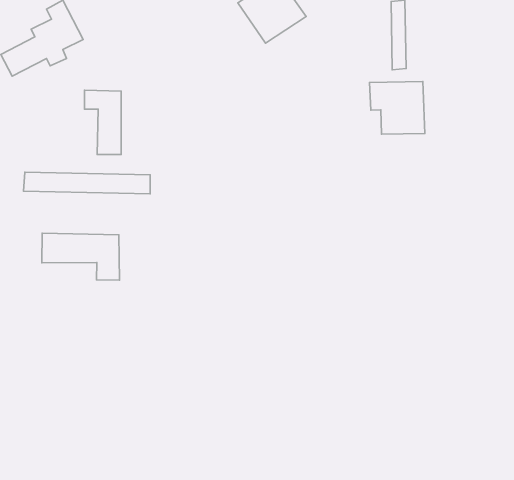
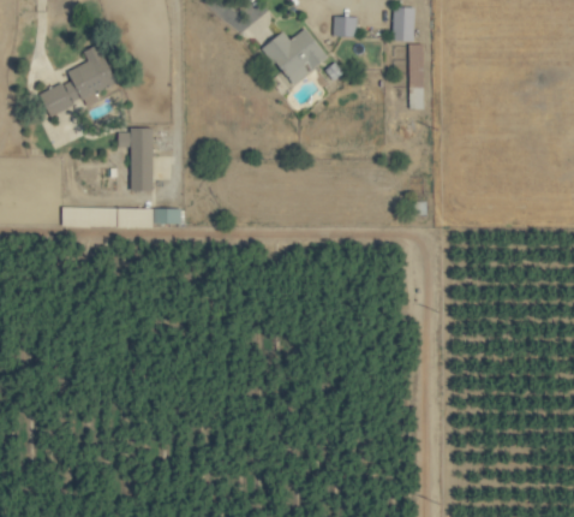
building: [370,82,425,134] -> none
building: [42,233,120,280] -> none

